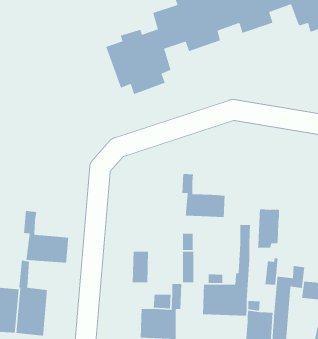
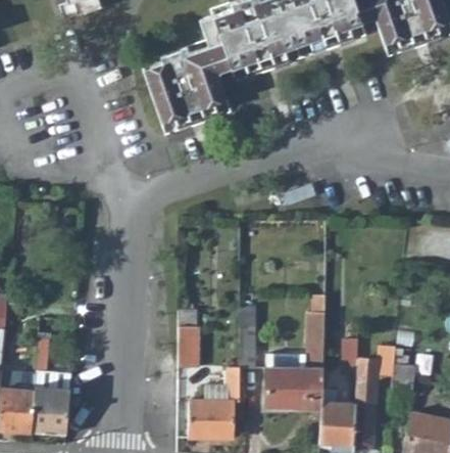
building: [181,173,226,218] -> none
building: [257,209,280,248] -> none
building: [23,210,69,264] -> none

